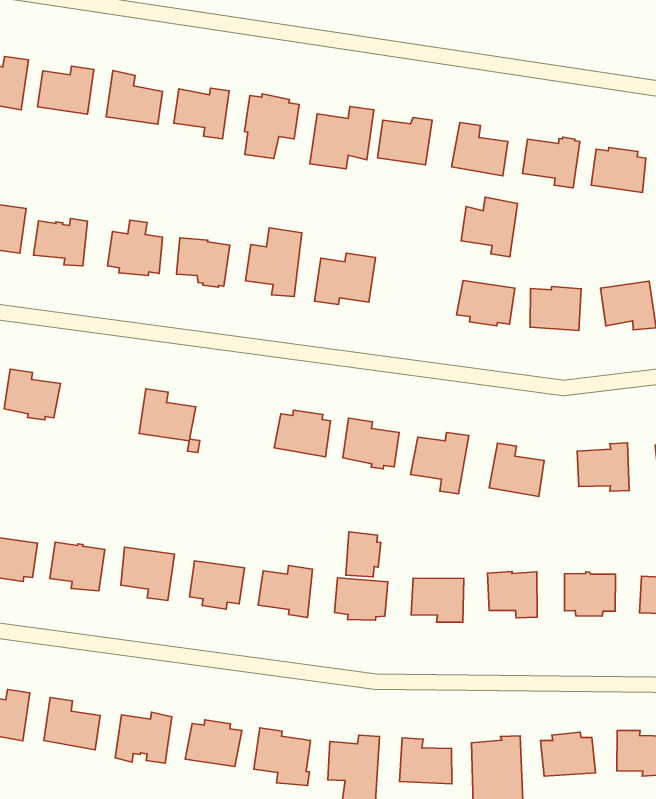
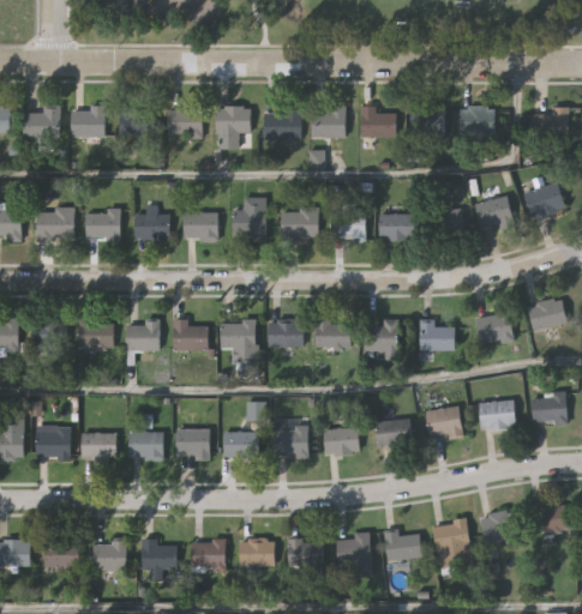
building: [461,197,518,257] -> [330,203,365,241]
building: none -> [126,318,161,363]
building: none -> [222,318,257,351]
building: [346,532,381,577] -> none

